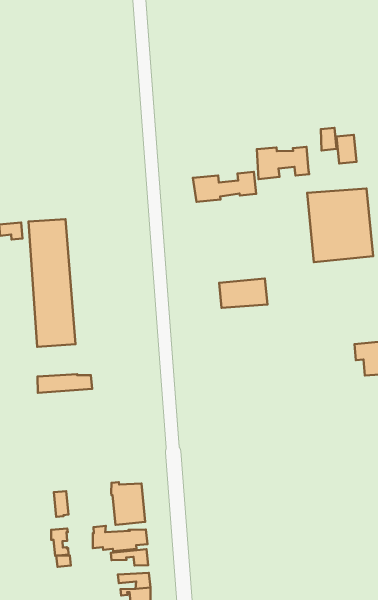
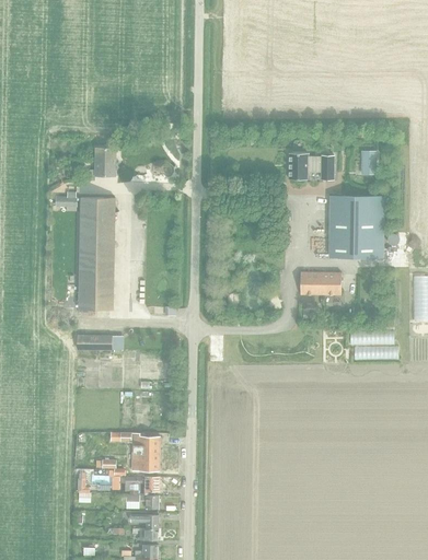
building: none -> [93,148,115,176]
building: [193,172,256,202] -> none
building: [219,278,267,308] -> [298,272,338,295]

